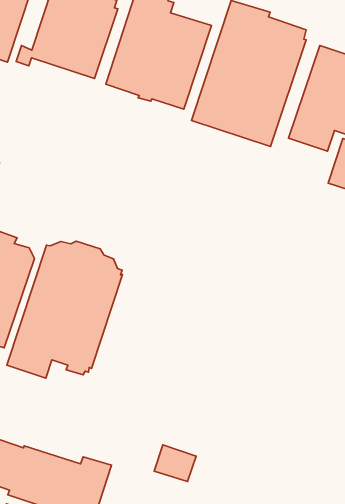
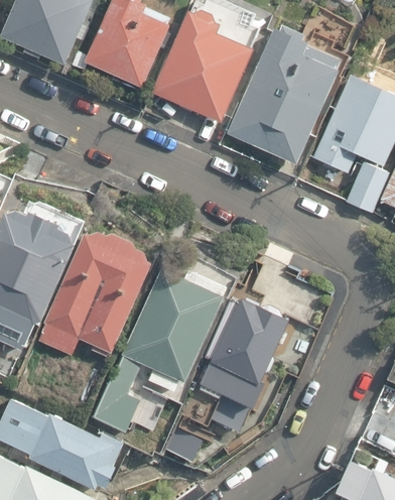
building: none -> [93,266,228,432]
building: none -> [180,296,288,434]

